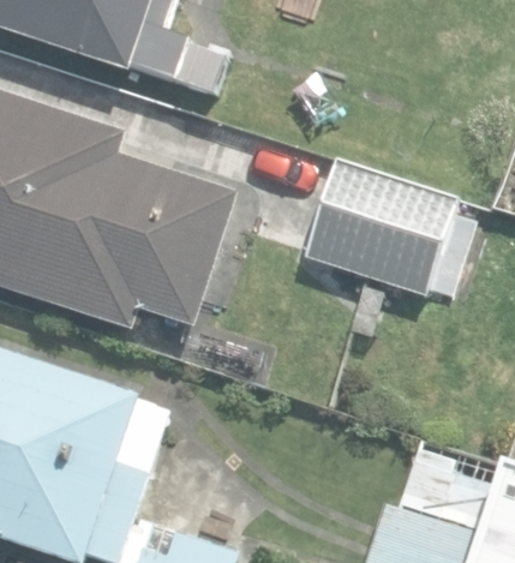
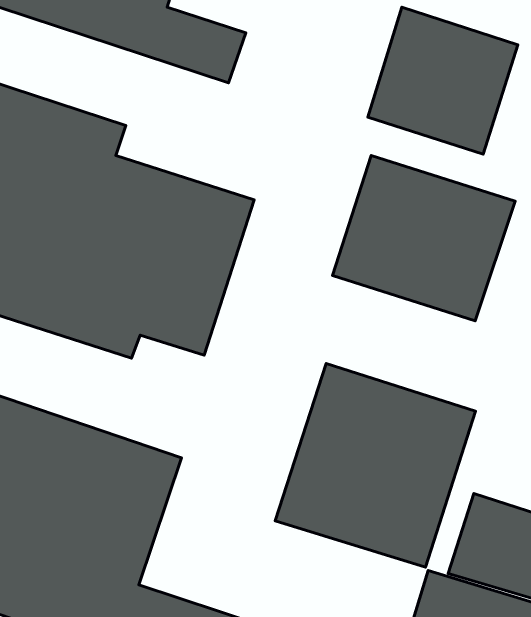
building: none -> [368,7,518,154]
building: none -> [275,364,475,567]

